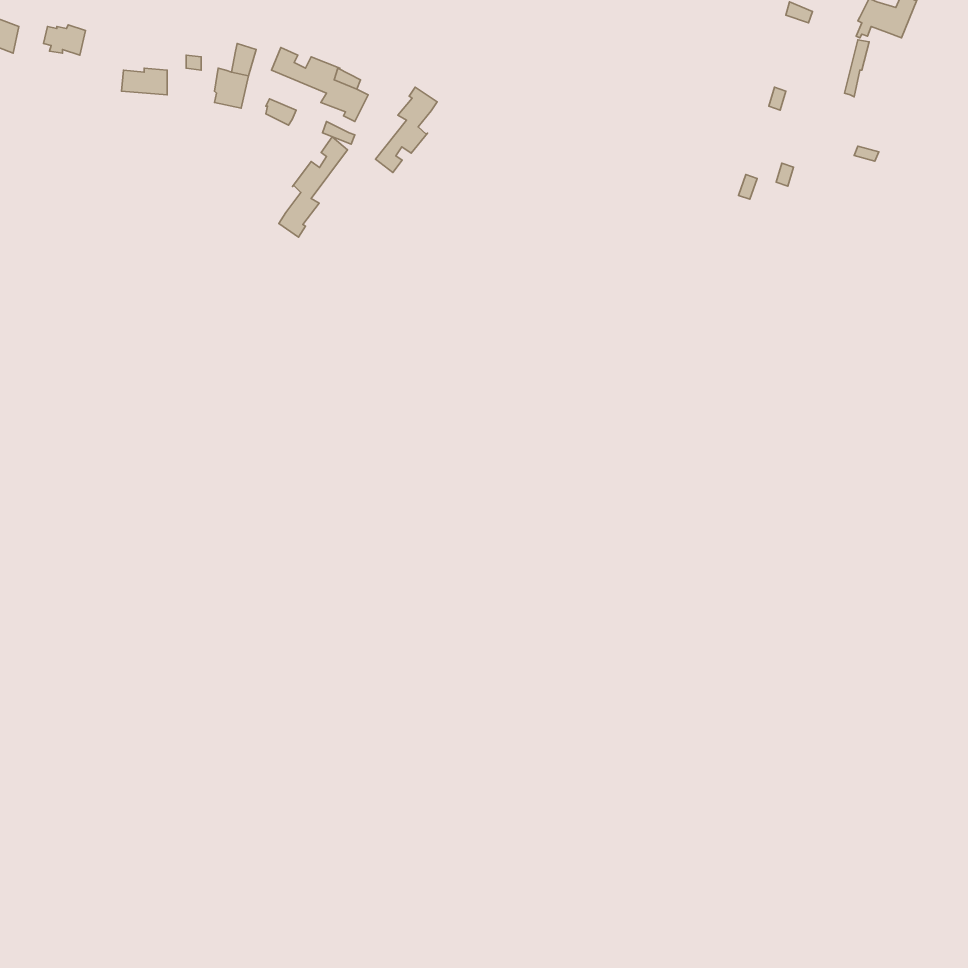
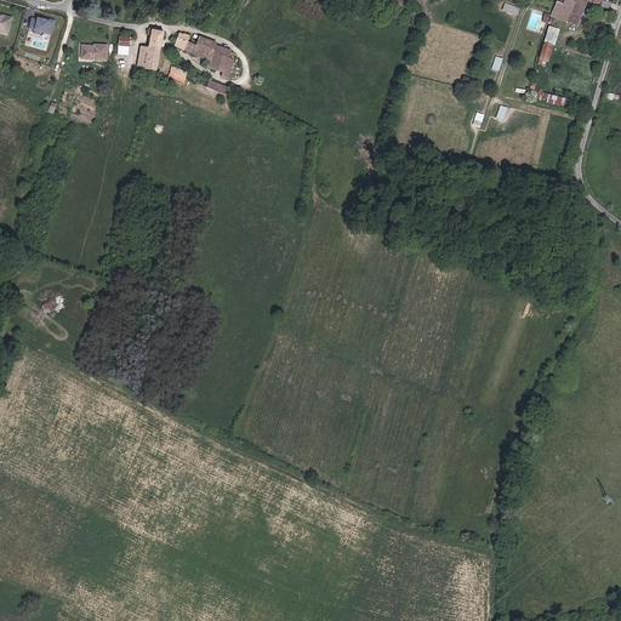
building: [375,87,437,173] -> none
building: [279,137,347,237] -> none

